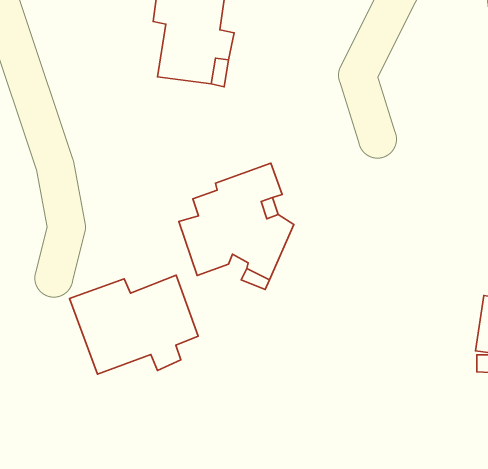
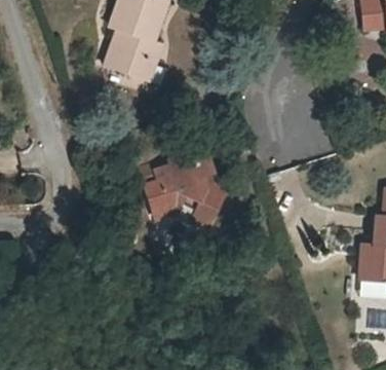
building: [69,275,198,374] -> none

